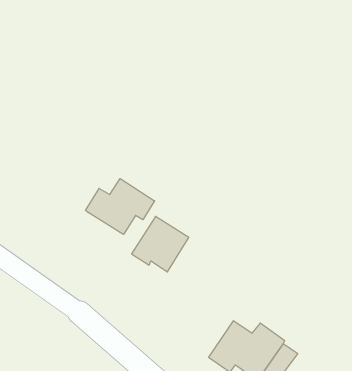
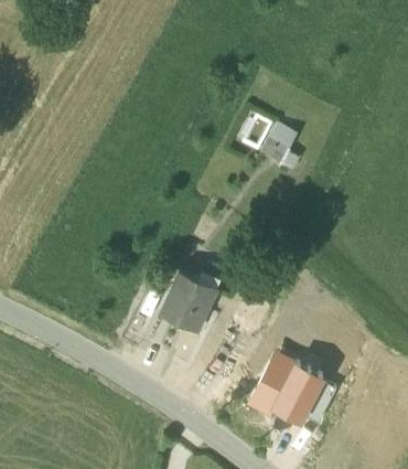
building: none -> [260,122,298,164]
building: [86,179,155,234] -> none

